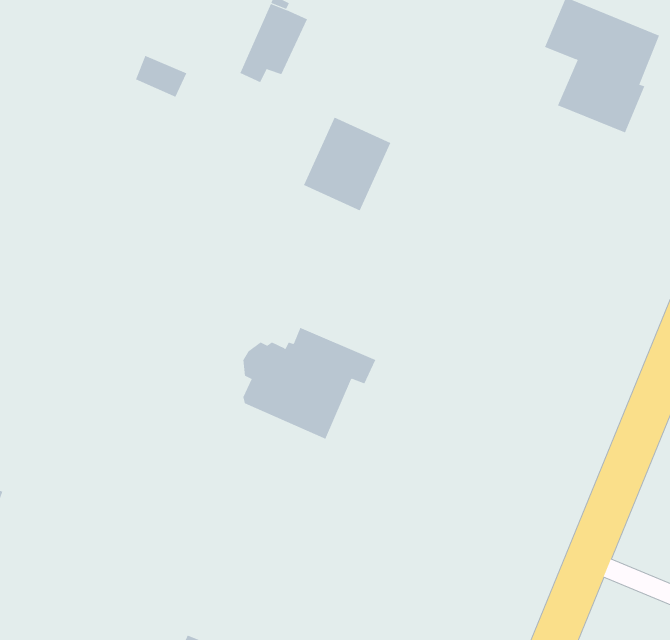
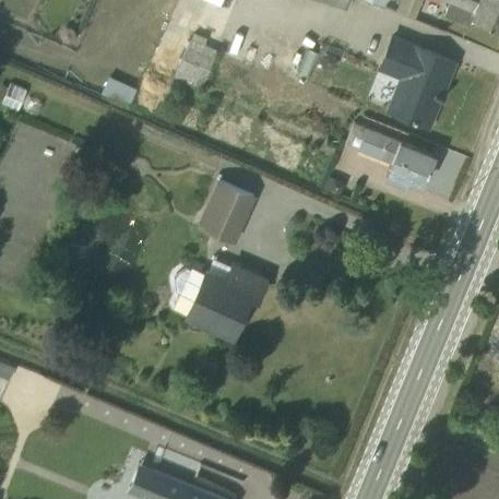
building: [303,117,391,211] -> [199,180,258,243]
building: none -> [347,123,437,187]

